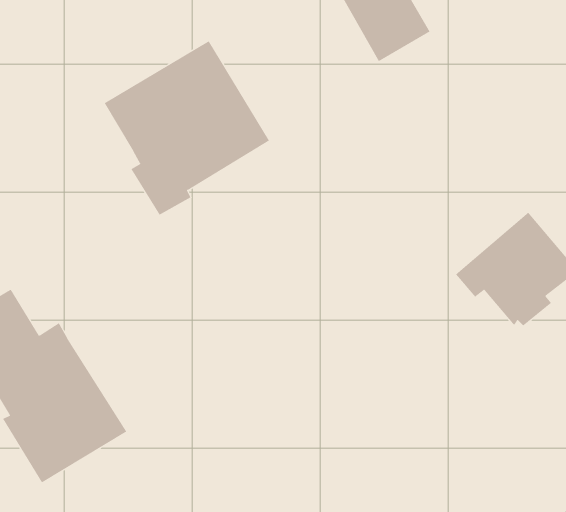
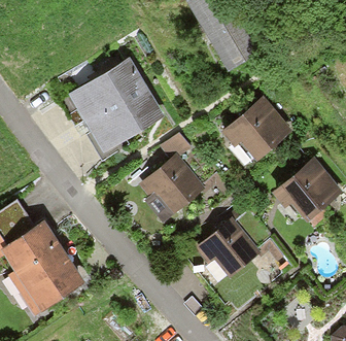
building: none -> [223,98,290,159]
building: none -> [140,129,206,218]
building: none -> [194,215,261,274]

